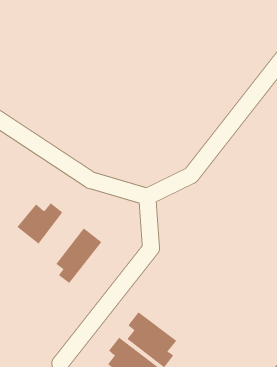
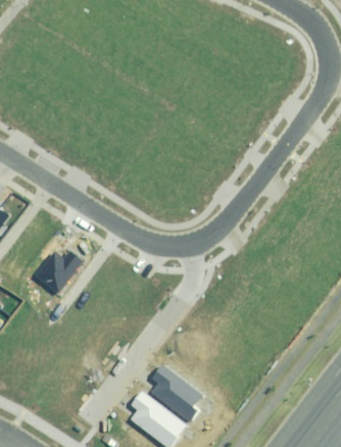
building: [55,227,102,284] -> none

